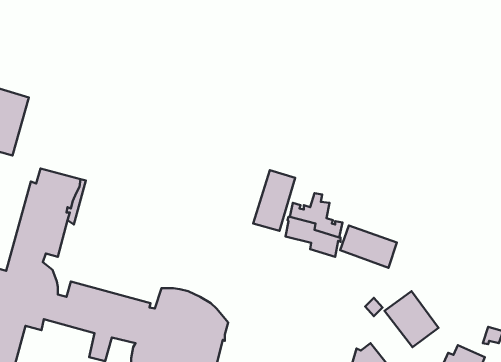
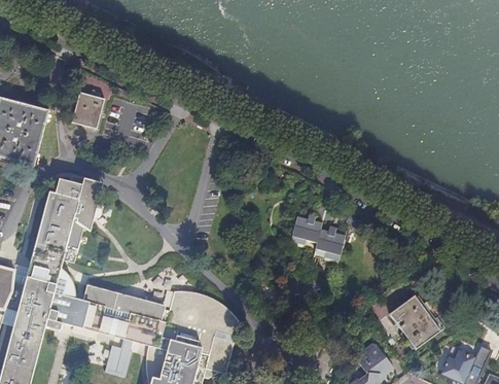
building: none -> [73,91,105,127]
building: [253,170,295,231] -> none
building: [340,226,397,268] -> none

